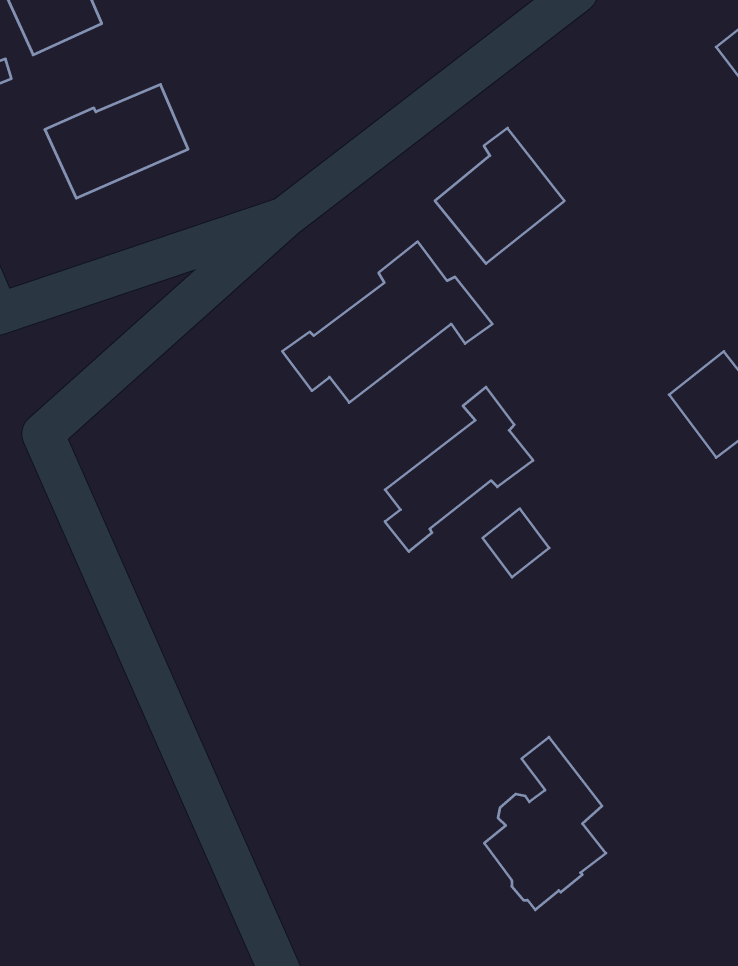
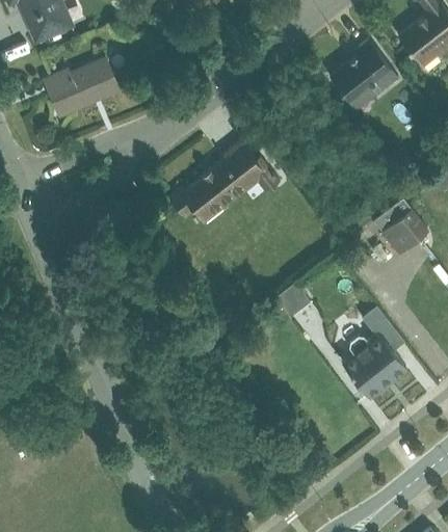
building: [435,128,564,264] -> [331,39,399,111]
building: [385,387,533,552] -> none
building: [484,737,606,910] -> [342,305,406,397]

